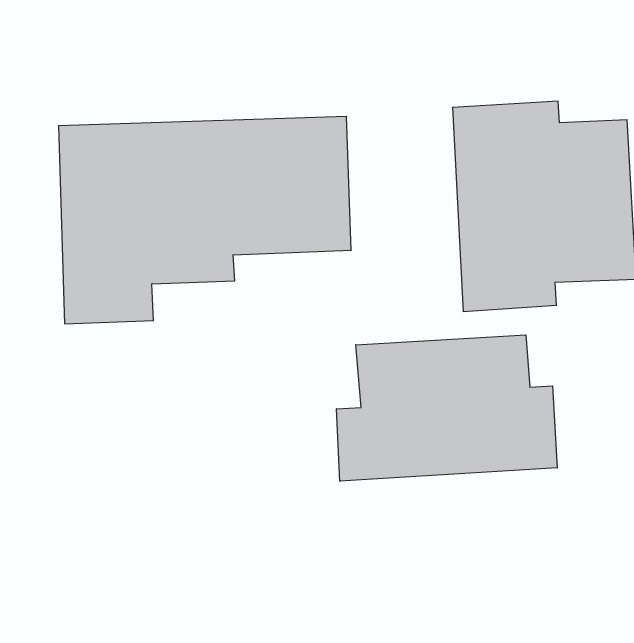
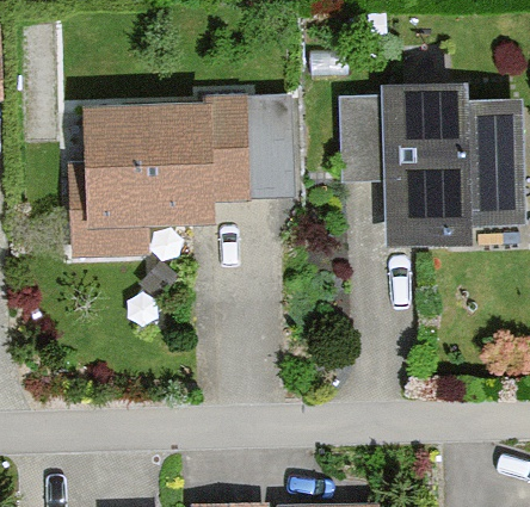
building: [337,335,557,481] -> none

